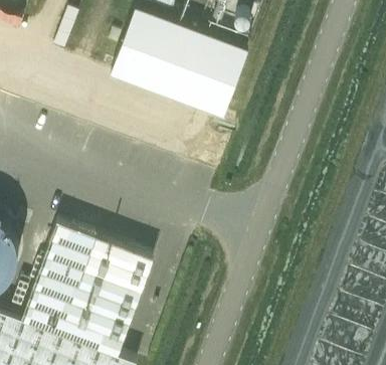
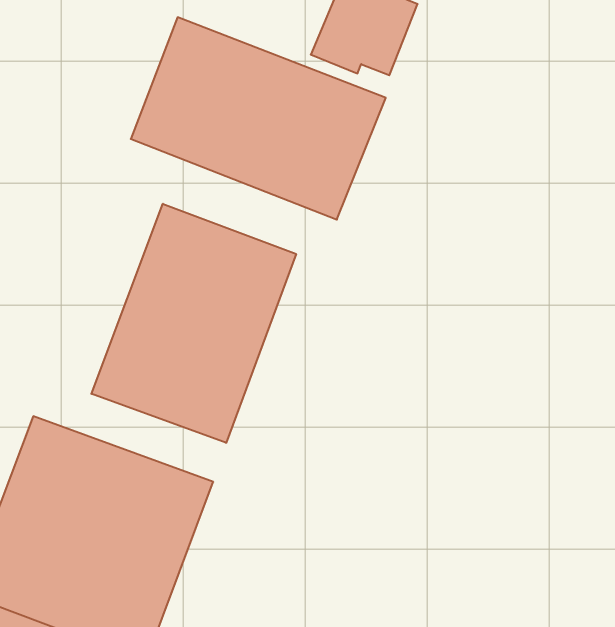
building: none -> [91,204,296,443]

